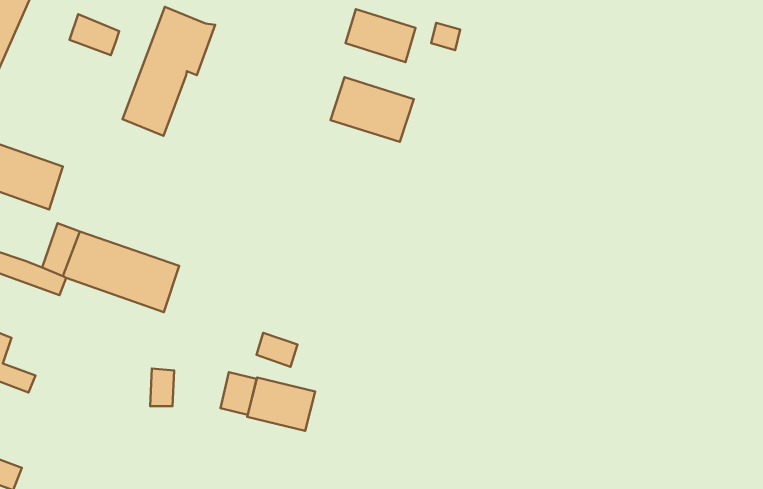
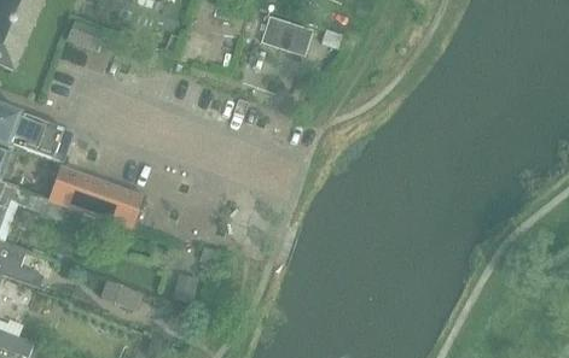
building: [123,7,215,136] -> none
building: [331,77,414,142] -> none
building: [247,378,315,431] -> none

